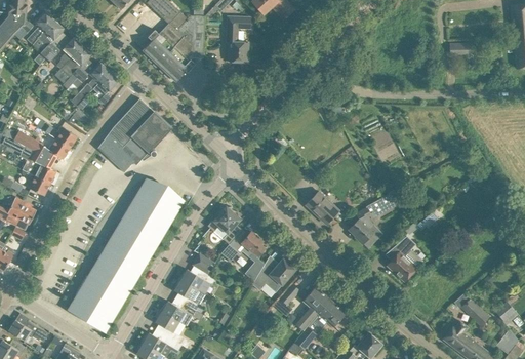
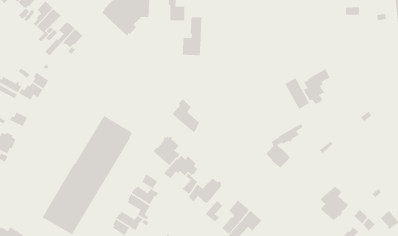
building: none -> [182,16,202,56]
building: [96,98,170,172] -> none
building: none -> [303,68,330,105]
building: [30,154,54,183] -> none
building: none -> [171,99,200,134]
building: [305,192,336,224] -> none
building: [383,236,422,281] -> [318,185,349,221]

